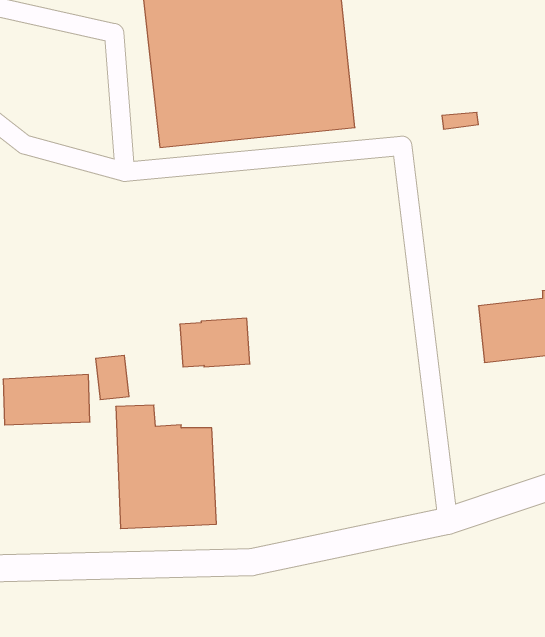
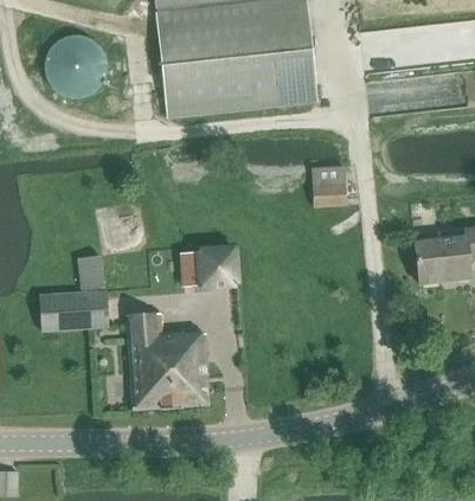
building: none -> [53,37,109,91]
building: none -> [310,163,349,206]
building: [96,355,129,400] -> [79,256,105,290]

